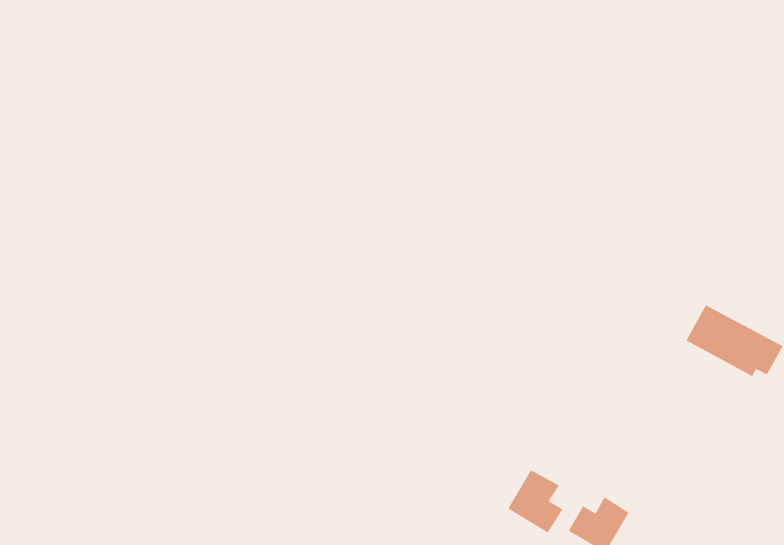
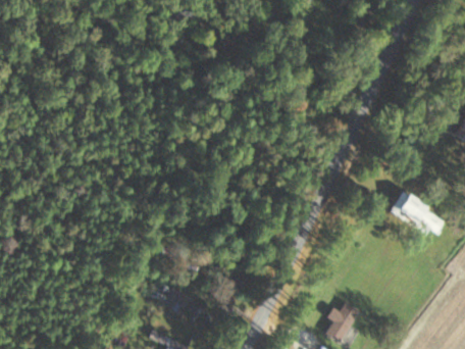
building: [508,470,563,534] -> none

